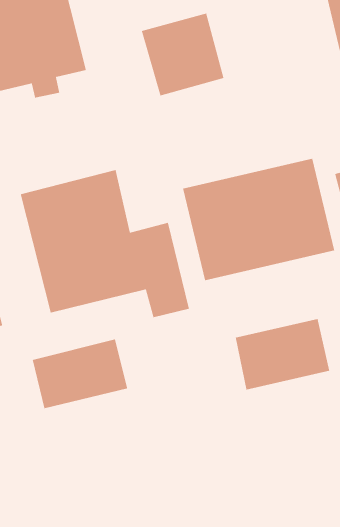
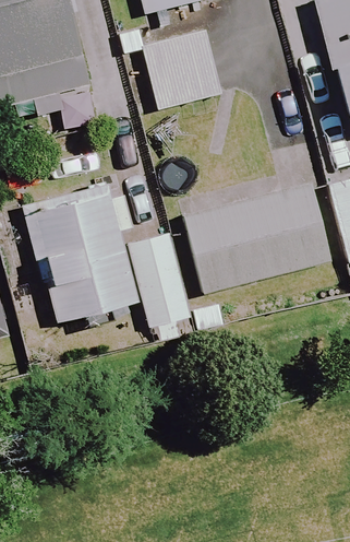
building: [235,318,330,391] -> none
building: [32,338,128,409] -> none

